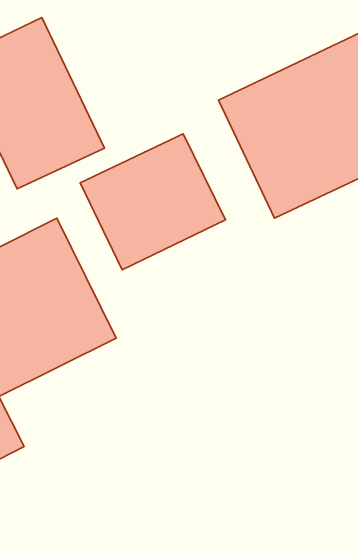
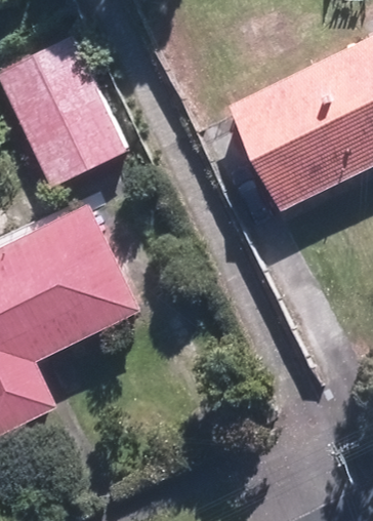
building: [80,134,226,270] -> none

